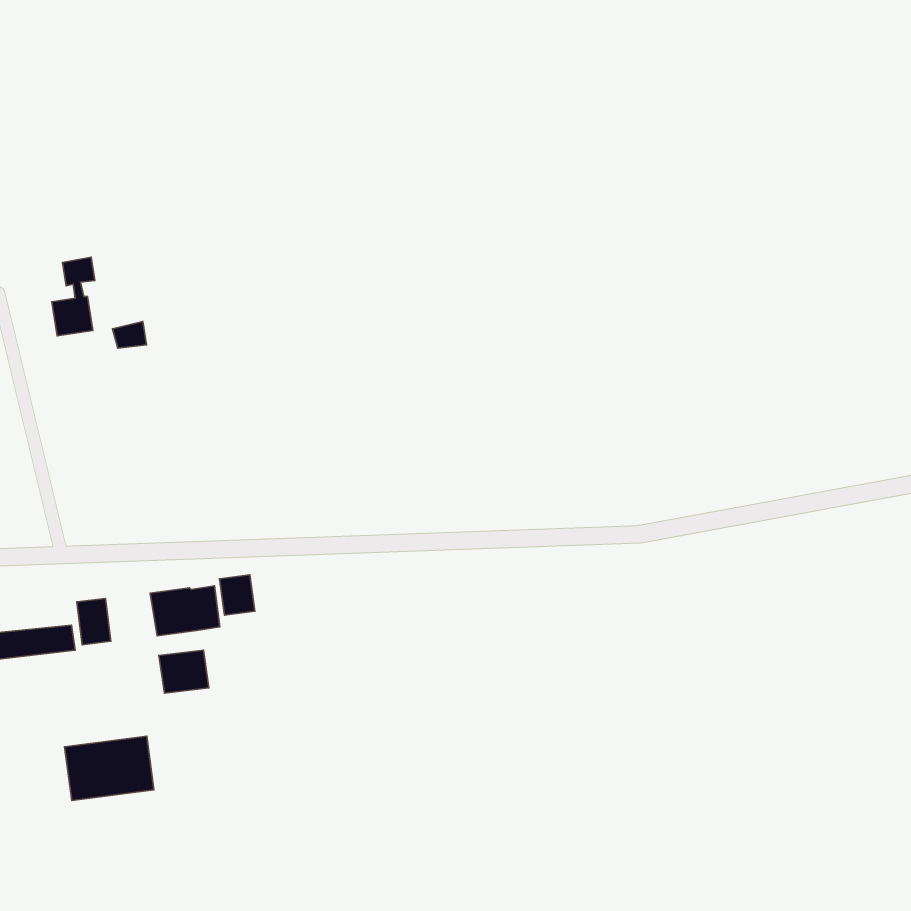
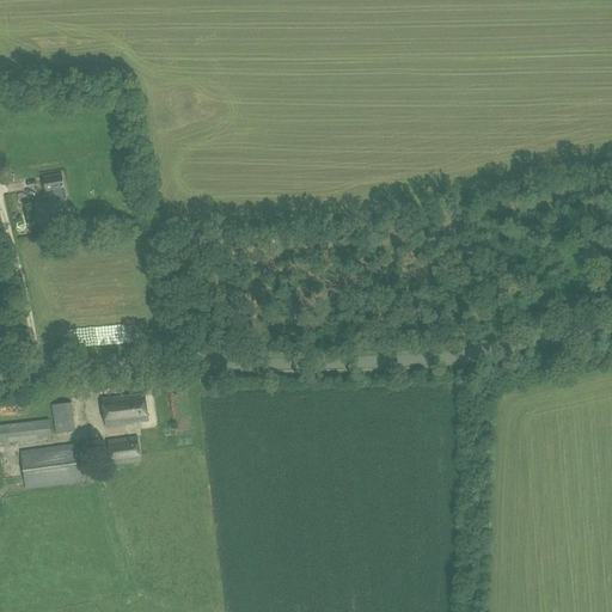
building: [220,575,255,615] -> none
building: [65,736,154,801] -> [20,443,80,486]

